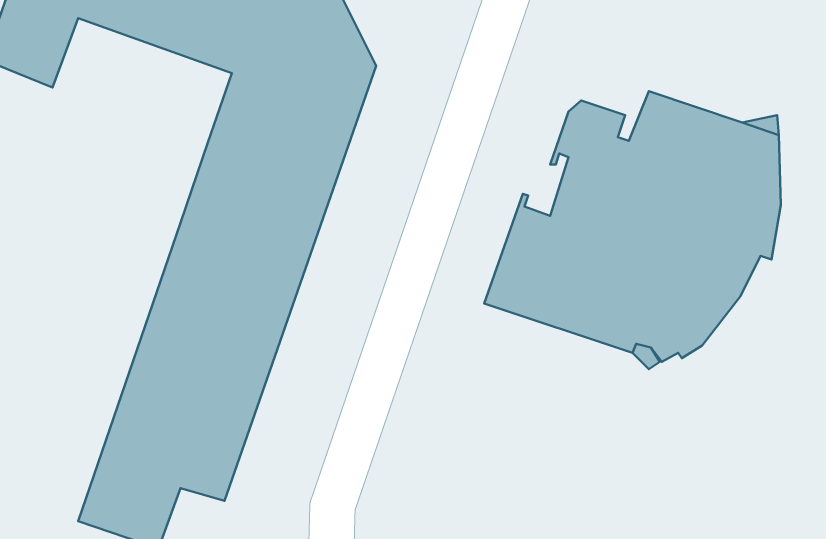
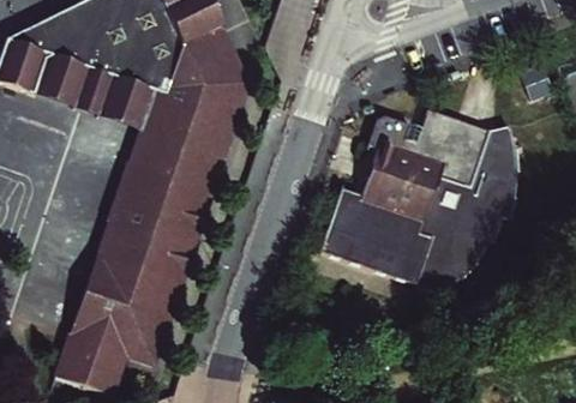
building: none -> [37,52,155,133]

